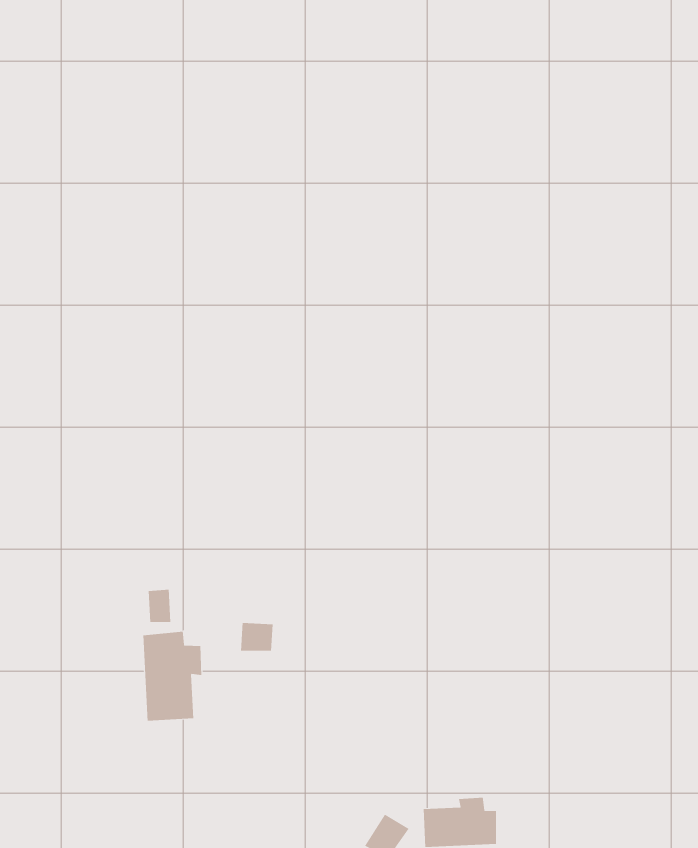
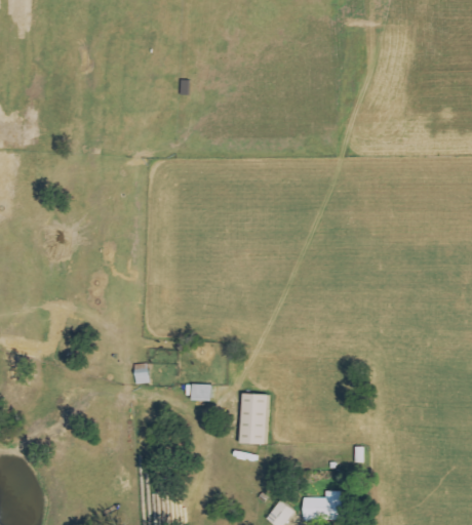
building: [143,631,202,721] -> none
building: none -> [240,393,268,444]

